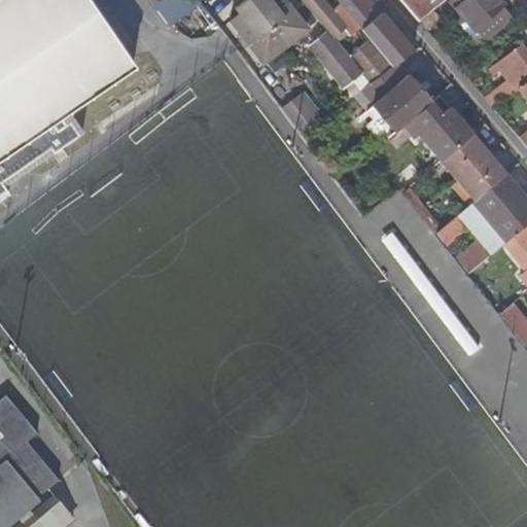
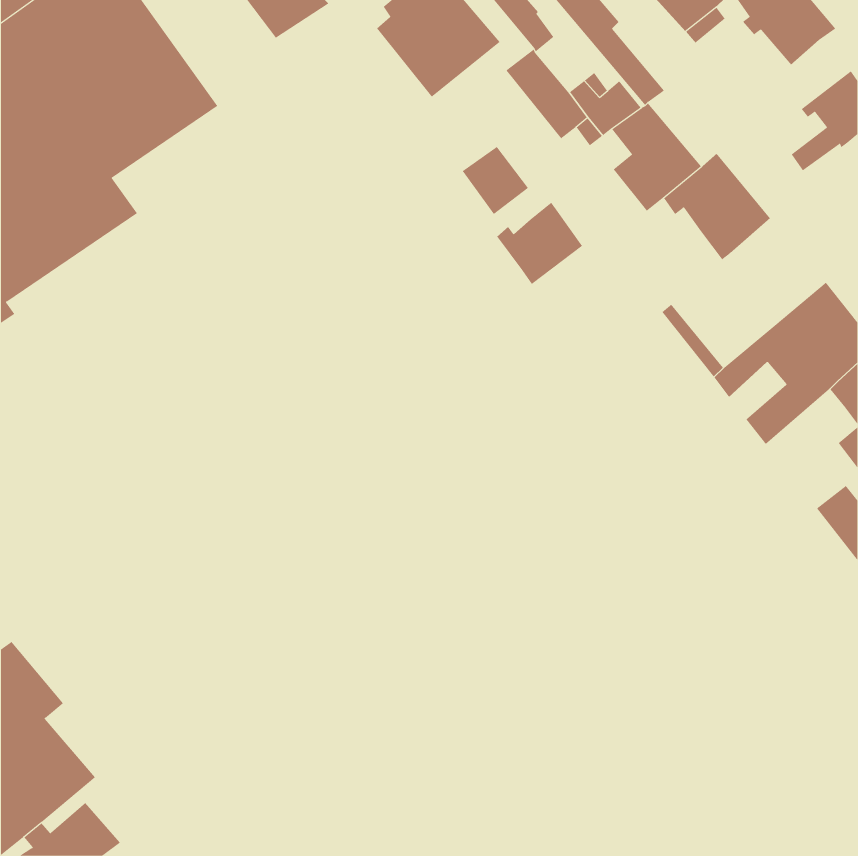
building: none -> [497,202,583,285]
building: [443,134,506,200] -> none

